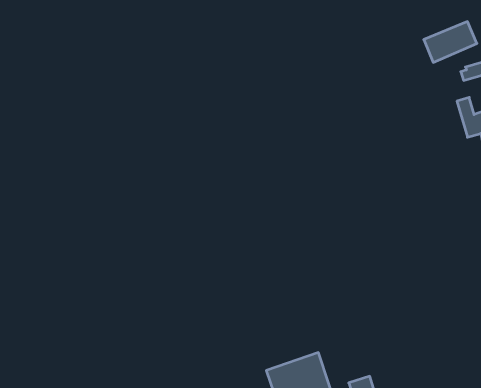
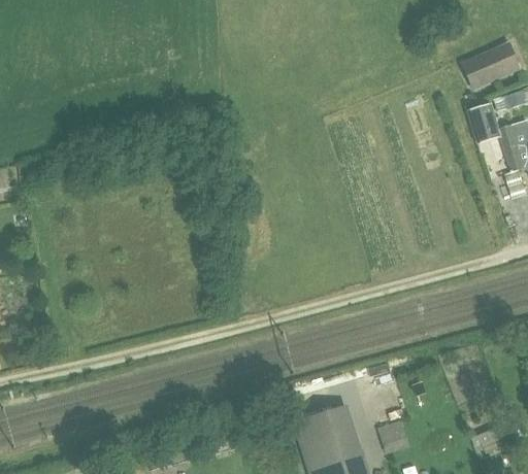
building: none -> [467,108,500,145]

